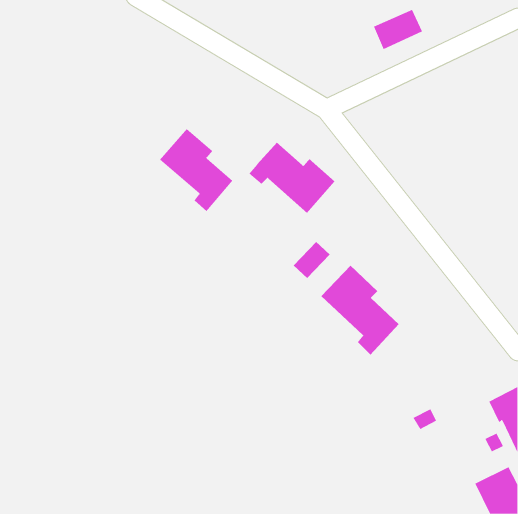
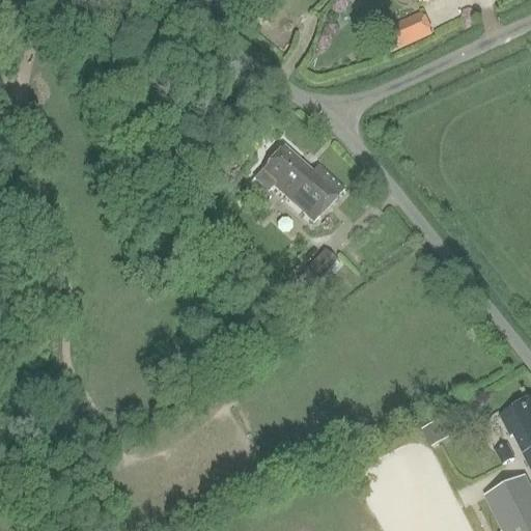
building: [159,128,233,212] -> none
building: [320,265,399,355] -> none

